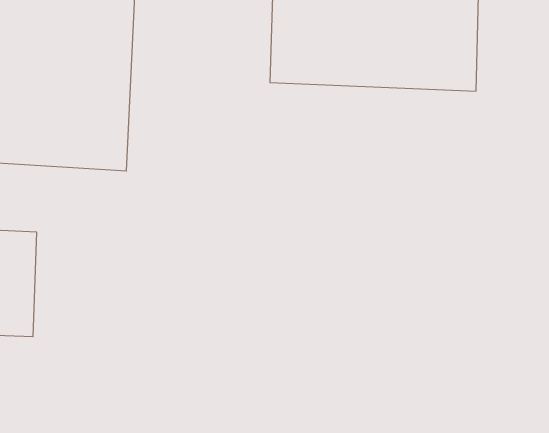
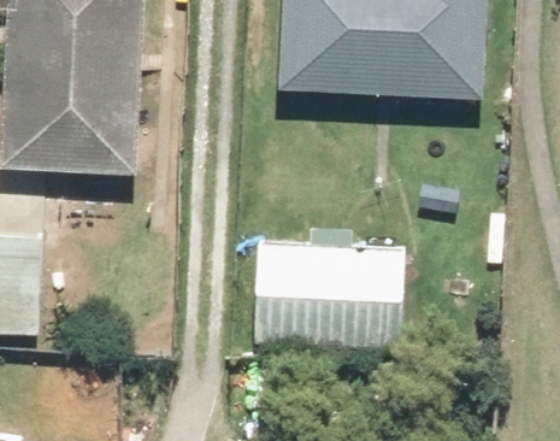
building: none -> [247,241,407,351]

